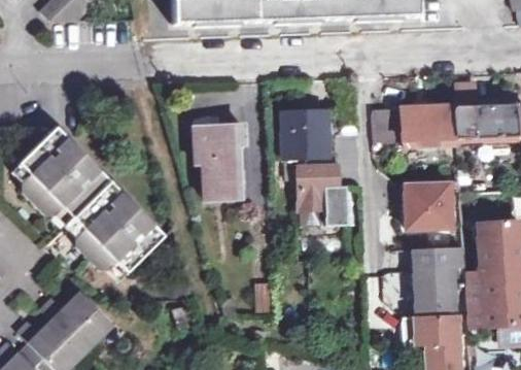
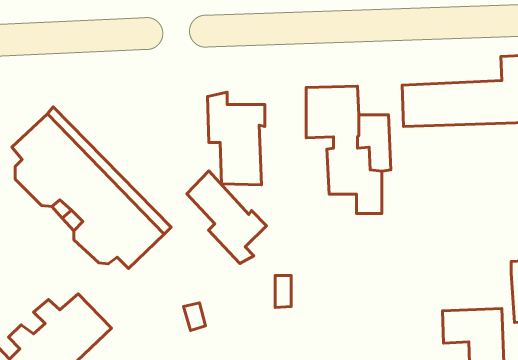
building: [406,175,453,223] -> none
building: none -> [187,171,267,264]
building: [414,241,466,305] -> none

